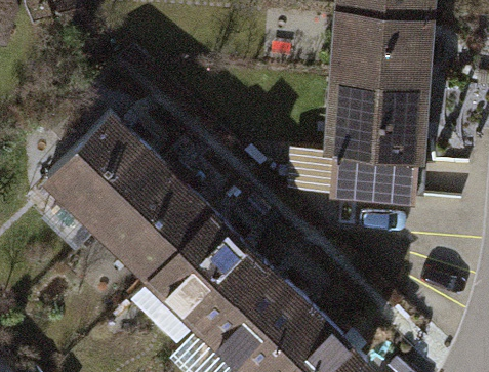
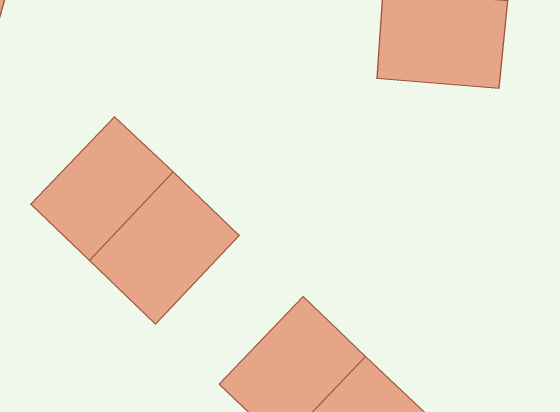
building: [321,84,429,204] -> none
building: [147,213,268,335] -> none

